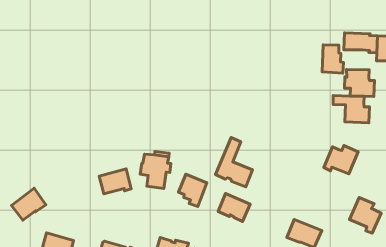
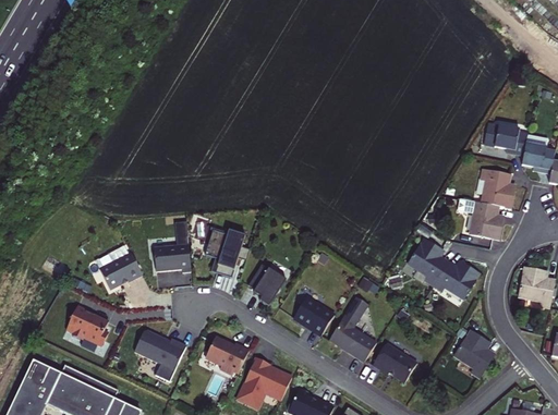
building: [322,45,344,73] -> none
building: none -> [409,239,449,285]
building: [216,137,253,187] -> [329,297,376,362]
building: [12,188,46,220] -> [99,252,142,289]

